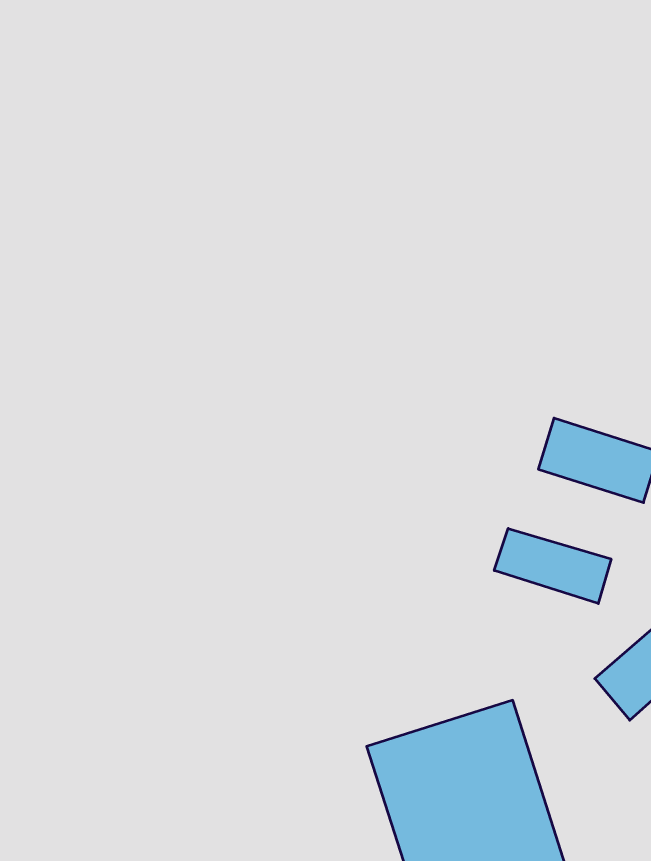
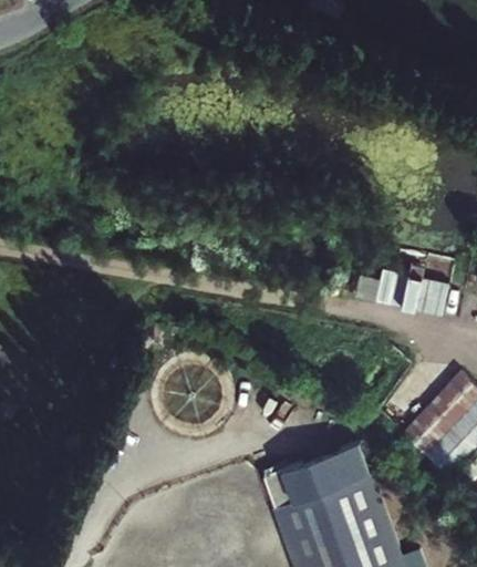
building: [494,528,611,604] -> none

